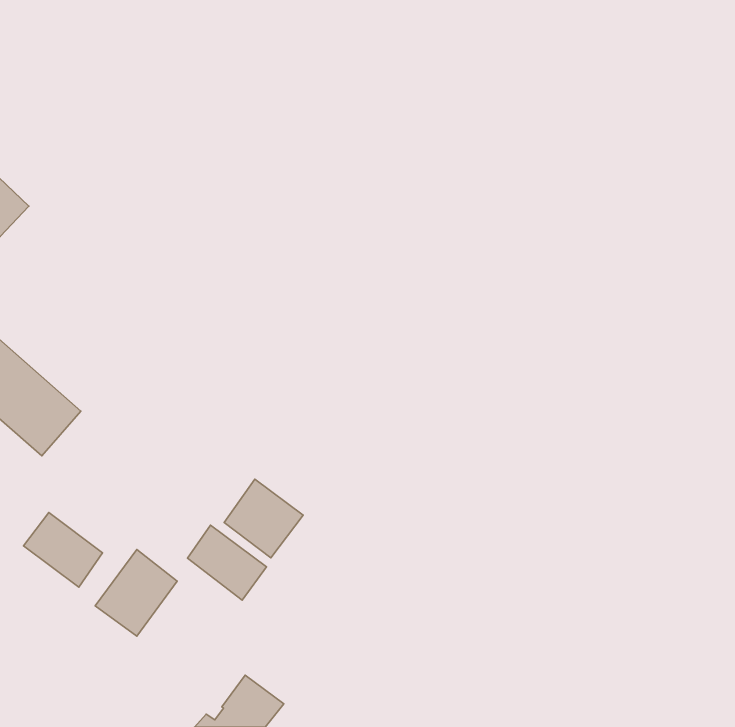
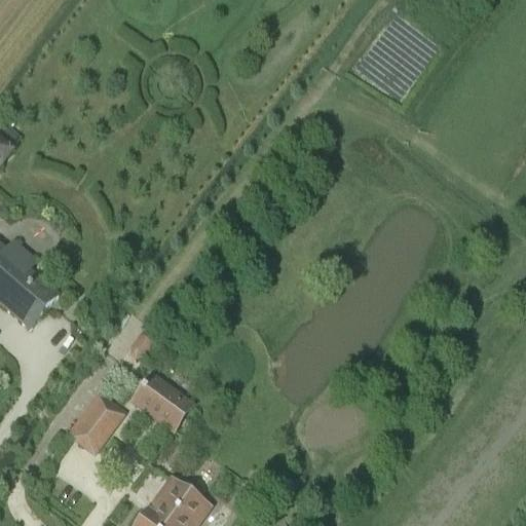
building: [224,479,303,558] -> none
building: [23,513,103,587] -> none

